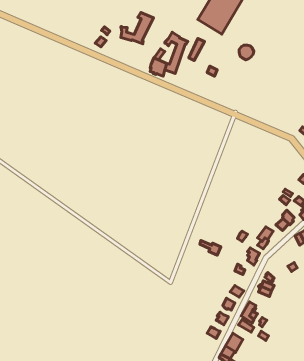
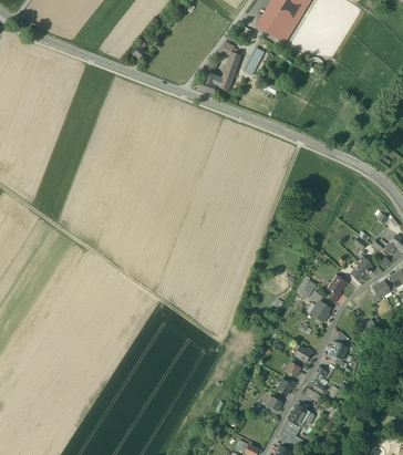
building: [121,12,153,44] -> none

